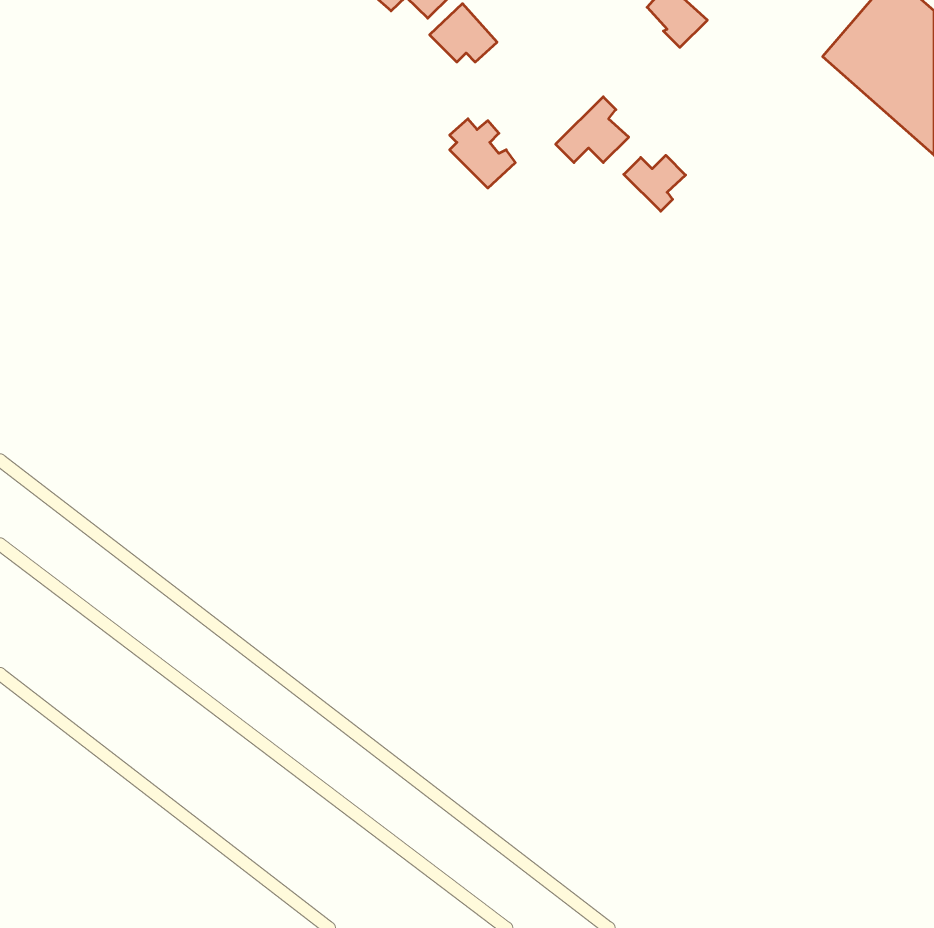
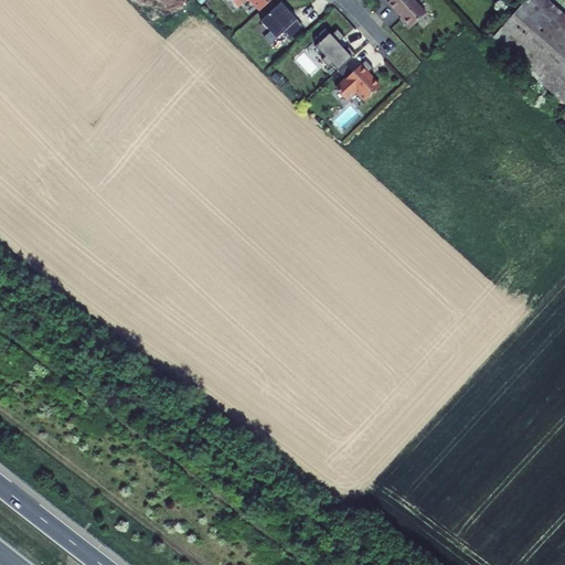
building: [450,119,515,188] -> [313,26,353,68]
building: [624,155,686,211] -> none

